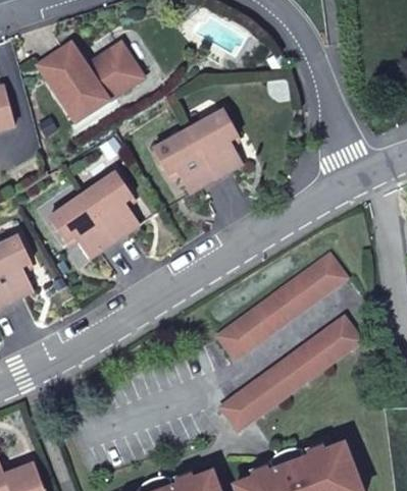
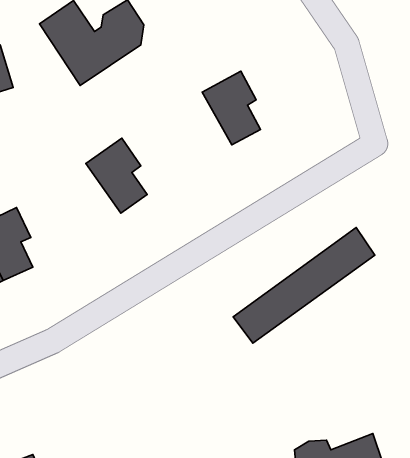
building: [153,127,216,192] -> none
building: [47,194,113,257] -> none
building: [222,319,361,431] -> none

